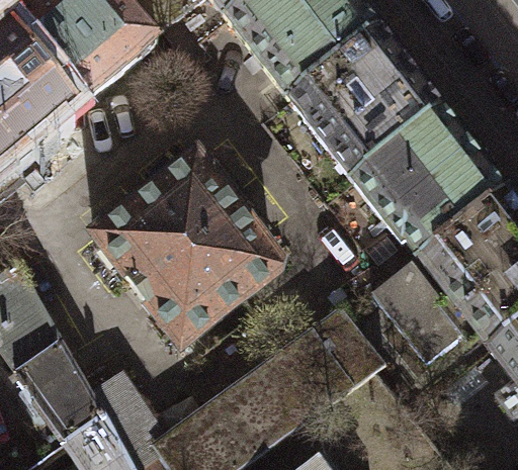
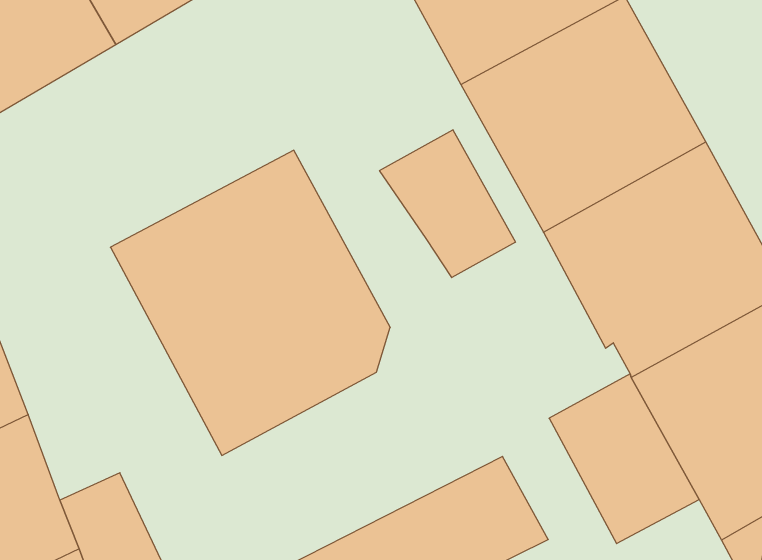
building: none -> [380,130,515,278]

